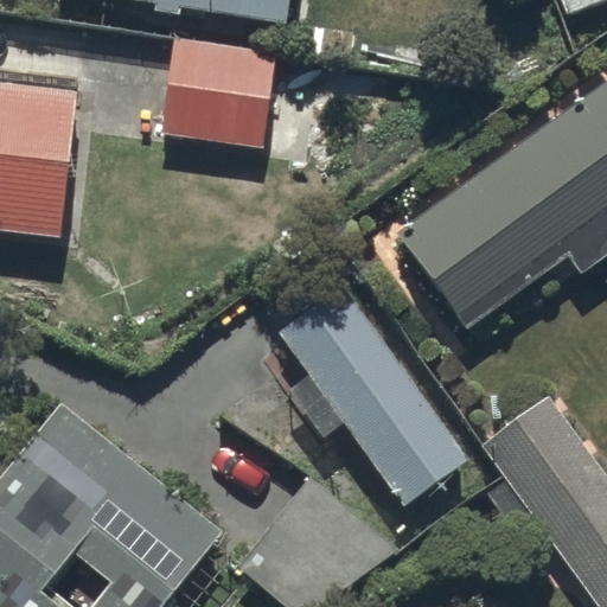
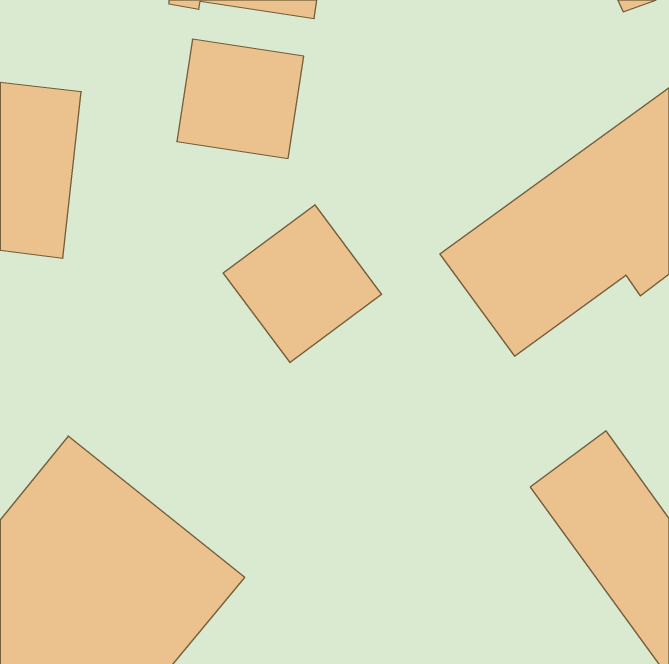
building: none -> [223,205,382,363]
building: [274,281,468,504] -> none

